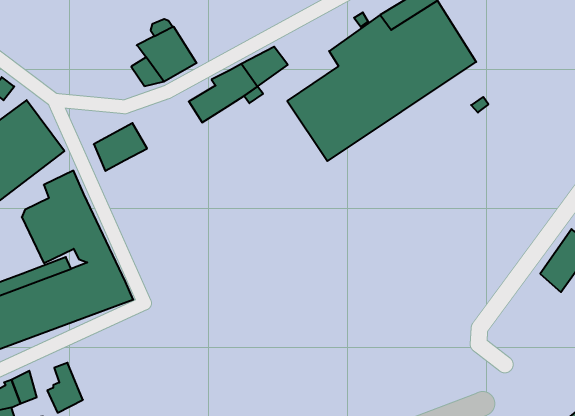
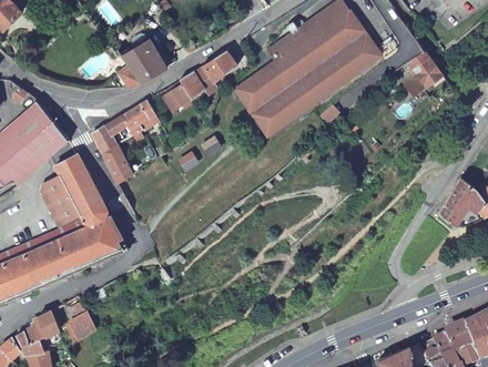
building: none -> [403,50,446,93]
building: none -> [121,100,155,134]
building: none -> [102,144,133,183]

